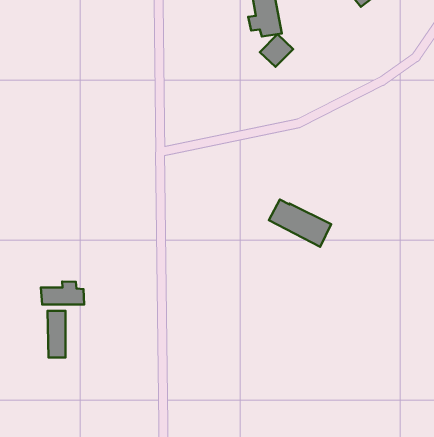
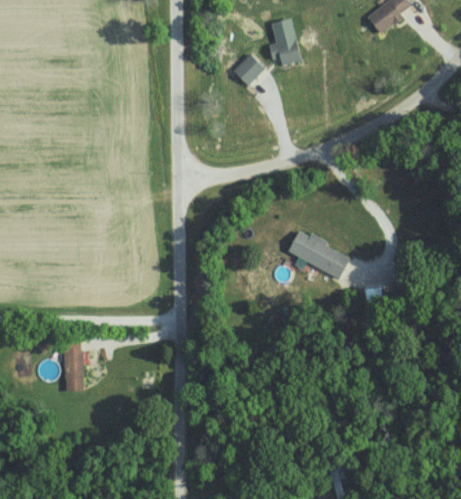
building: [260,34,293,67] -> [231,53,265,86]
building: [41,281,84,305] -> none

